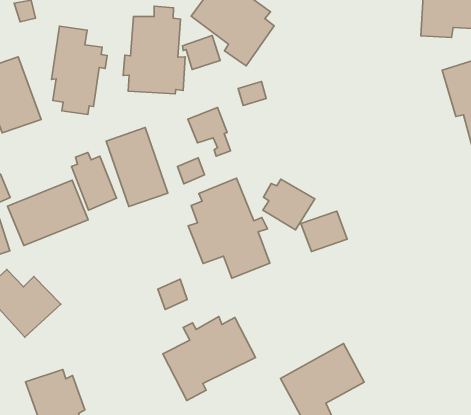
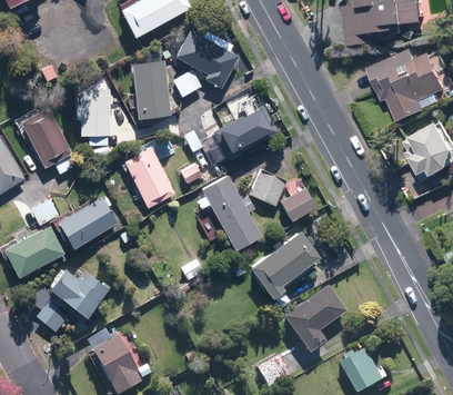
building: none -> [212,108,272,159]
building: [71,153,117,210] -> none
building: [163,316,255,400] -> [249,230,319,298]

